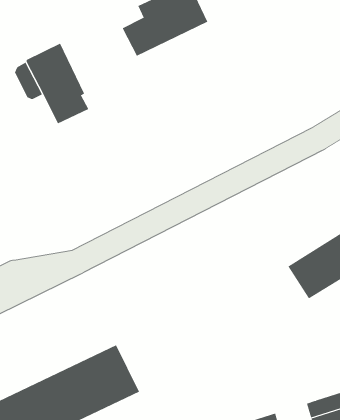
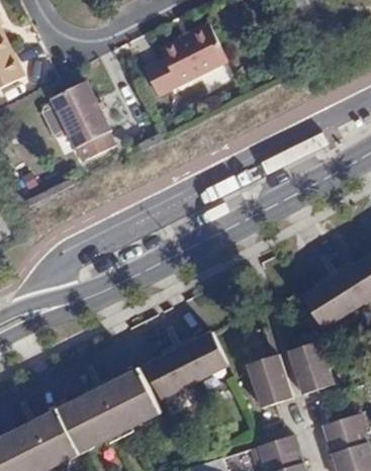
building: none -> [145,334,229,399]
building: none -> [287,342,333,396]
building: none -> [245,355,291,408]

